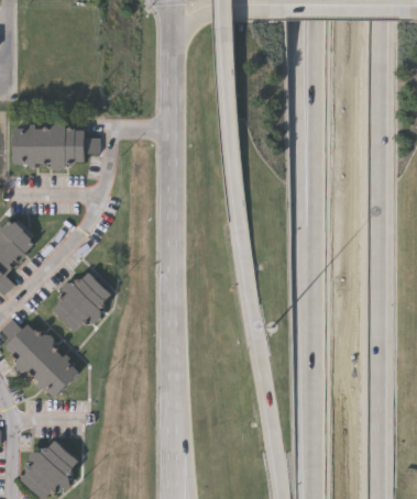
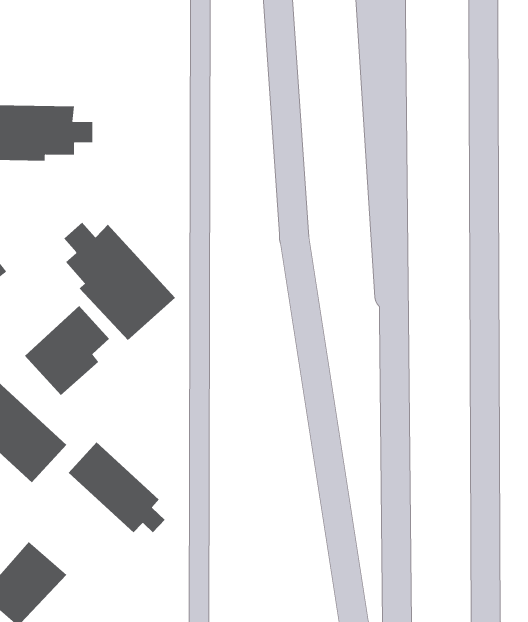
building: none -> [64,222,176,341]
building: none -> [68,442,165,533]

